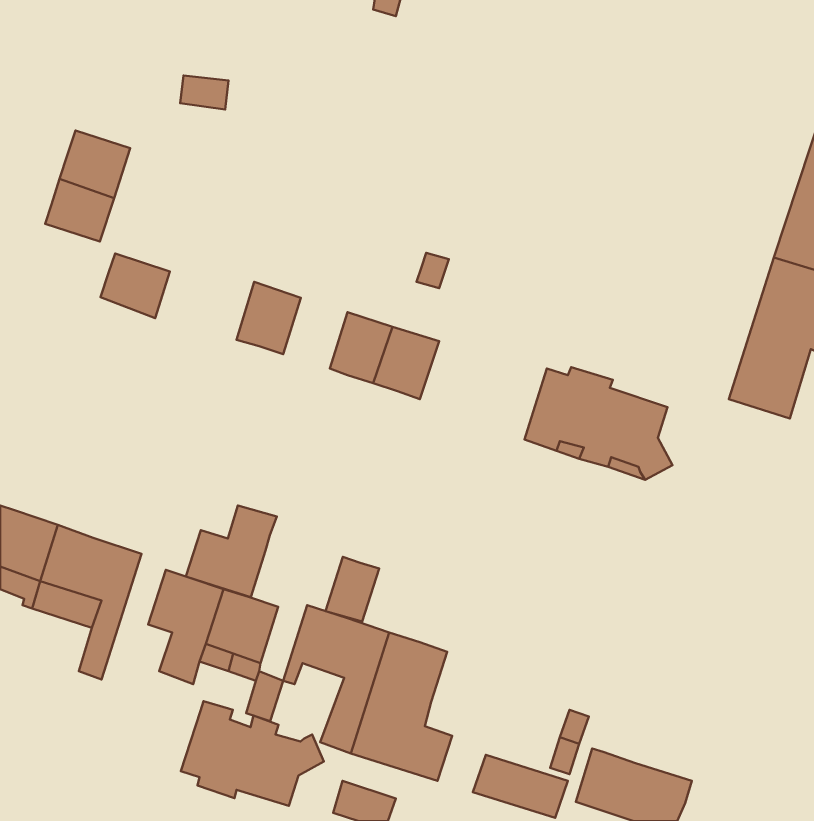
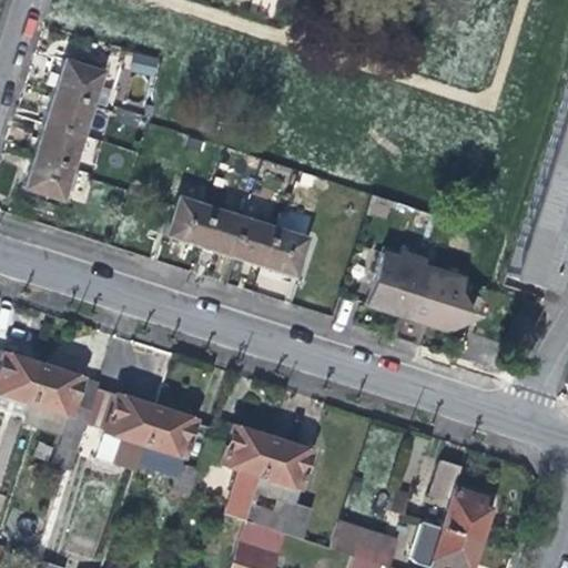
building: none -> [58,59,105,102]
building: [101,254,170,318] -> [27,154,74,199]
building: none -> [201,205,245,254]
building: [186,506,277,597] -> none
building: [325,557,379,621] -> none
building: none -> [433,459,495,538]
building: [181,701,324,806] -> none

